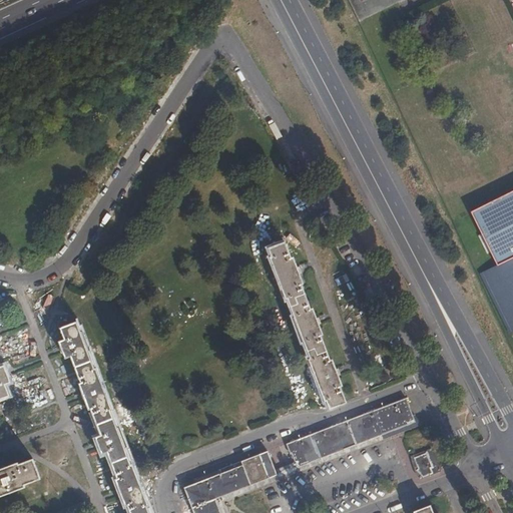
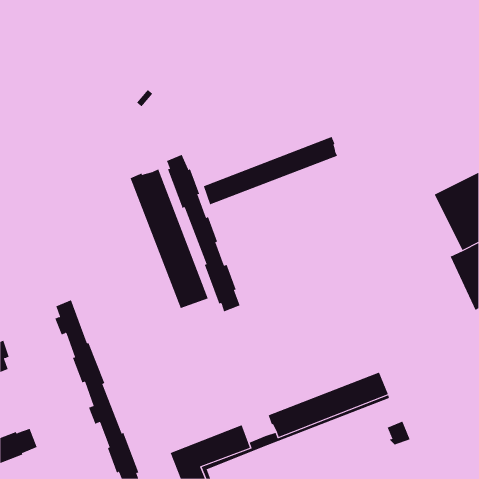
building: none -> [203,136,338,205]
building: none -> [130,168,208,309]
building: [267,240,346,409] -> [166,154,240,312]

